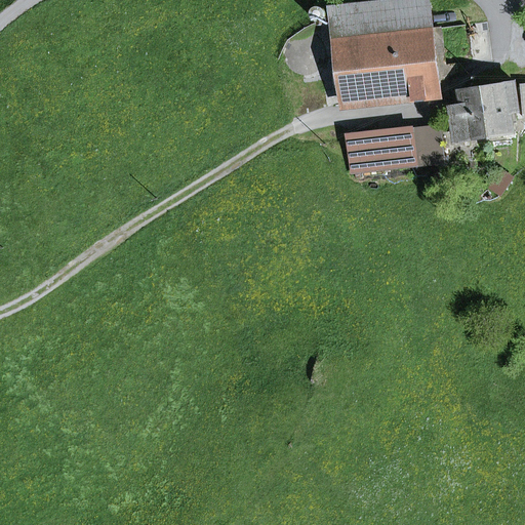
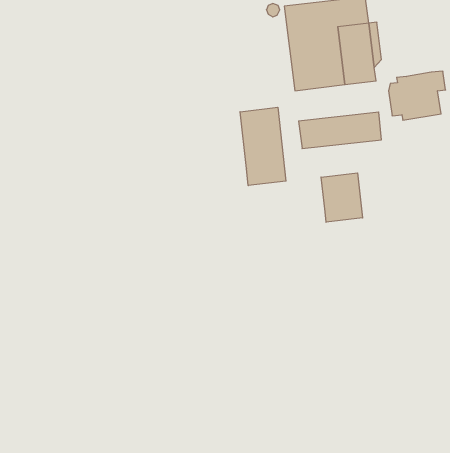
building: none -> [240,107,286,186]
building: none -> [321,173,363,222]

